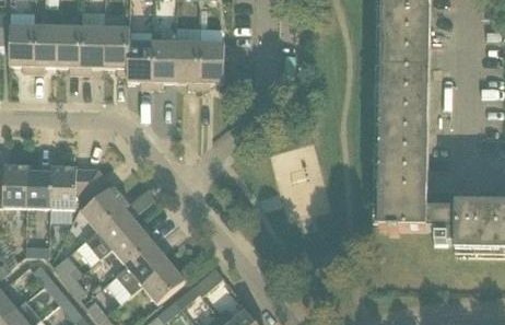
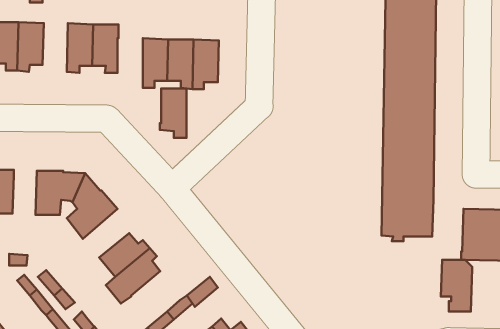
building: [56,26,80,72] -> none
building: [126,40,151,88] -> [160,88,186,138]
building: [27,166,50,208] -> none
building: [425,194,455,243] -> [441,260,472,312]
building: [84,202,138,256] -> none
building: [140,262,188,303] -> none

